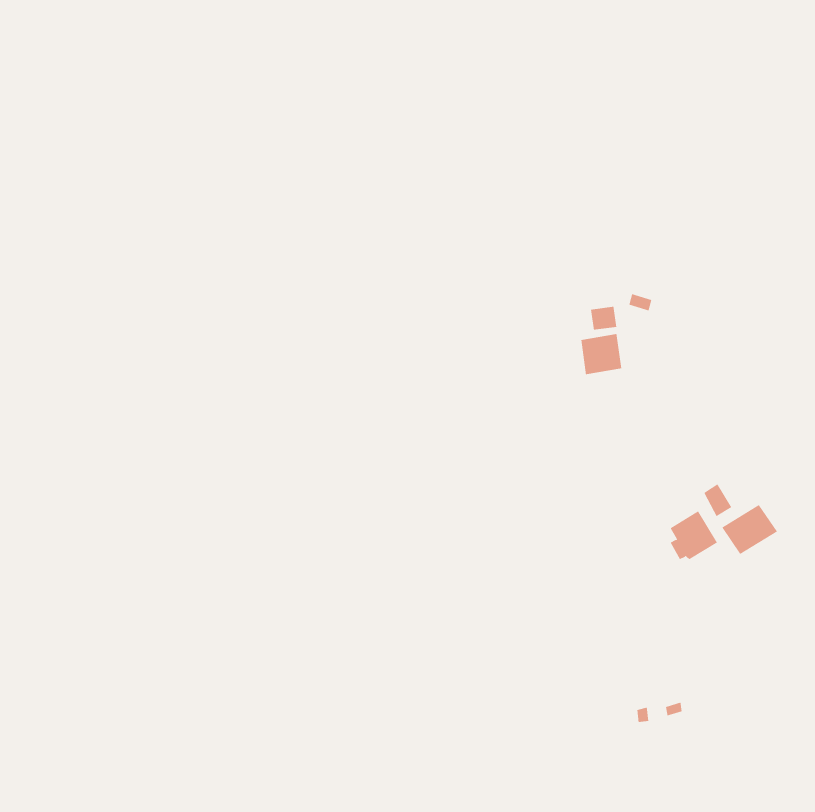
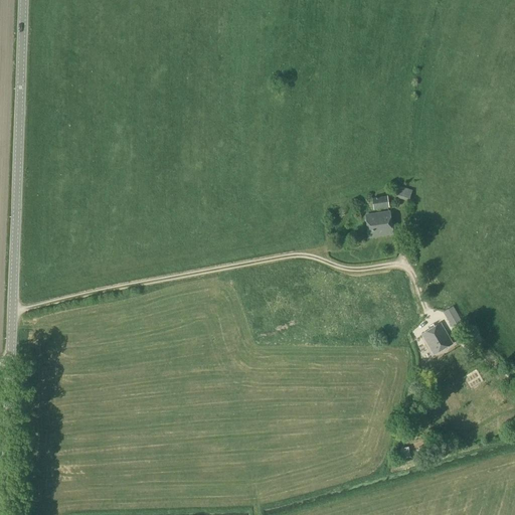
building: [721,504,778,555] -> none

